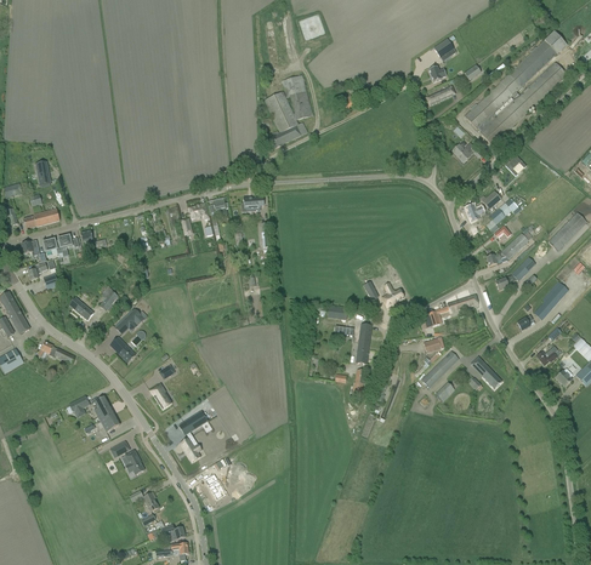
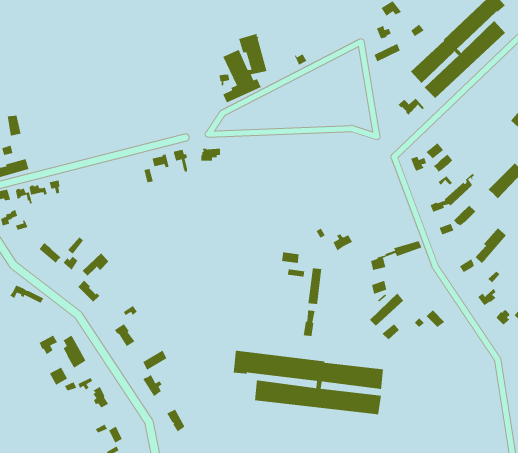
building: none -> [233,350,384,415]

